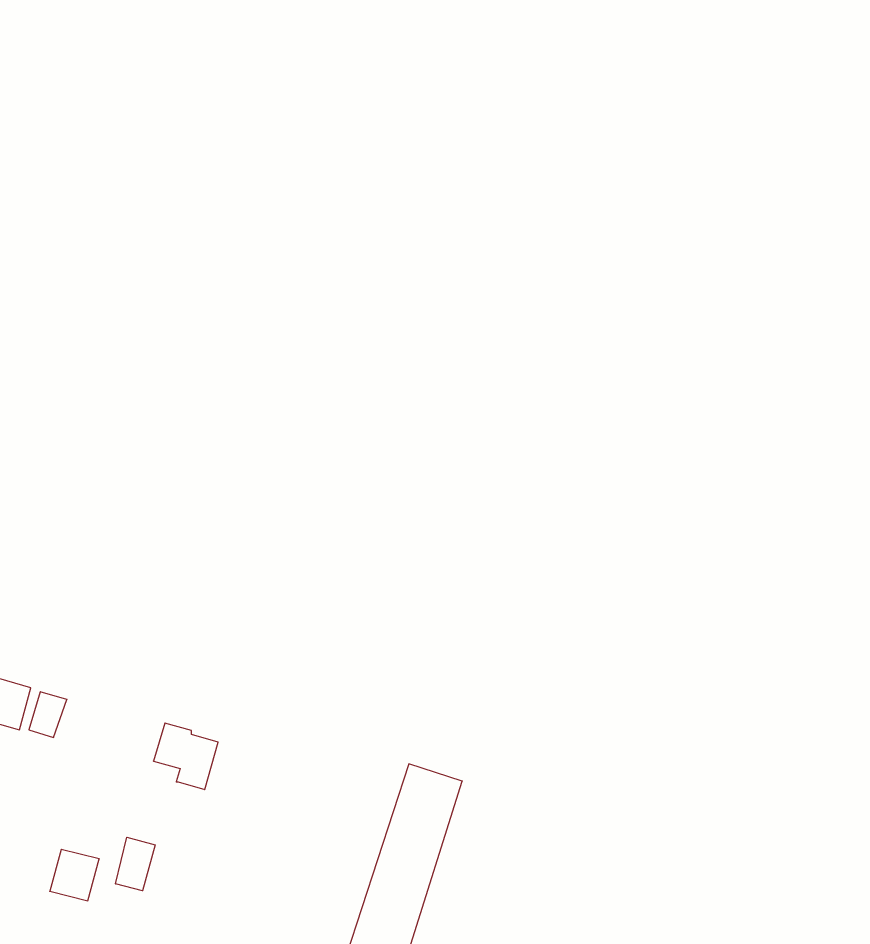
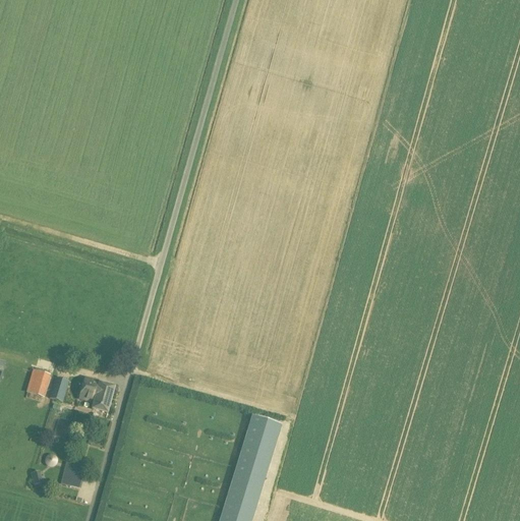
building: [153,723,218,790] -> [79,378,114,413]
building: [116,837,155,891] -> none

